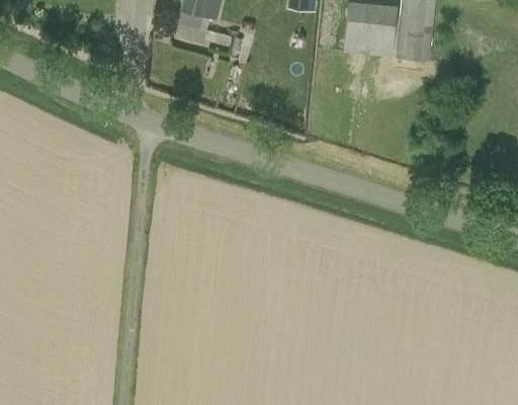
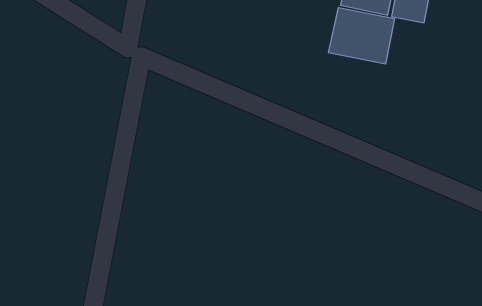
building: none -> [329,7,394,64]

